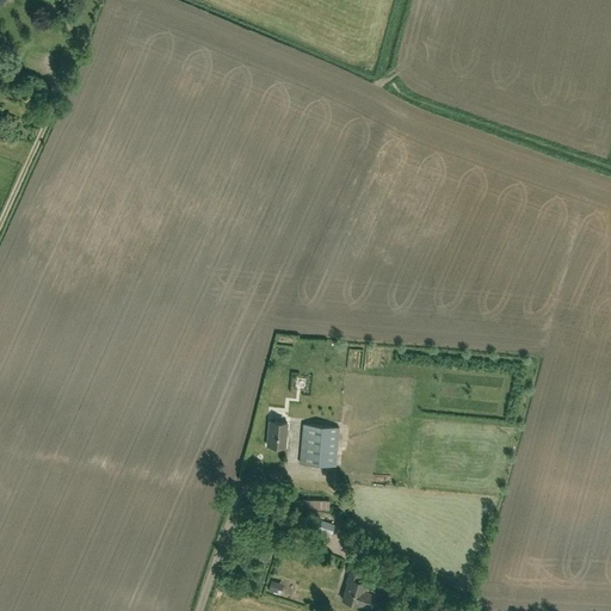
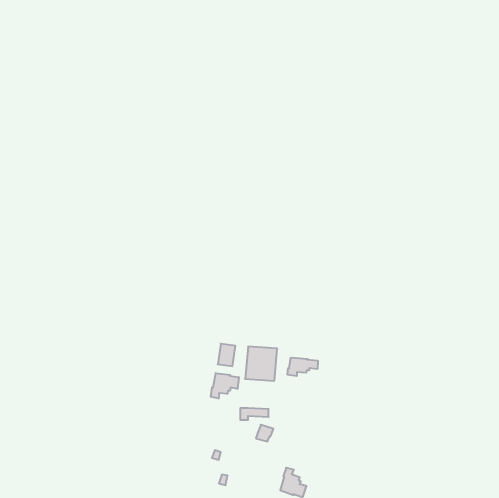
building: none -> [288,358,318,376]
building: none -> [211,373,239,399]

